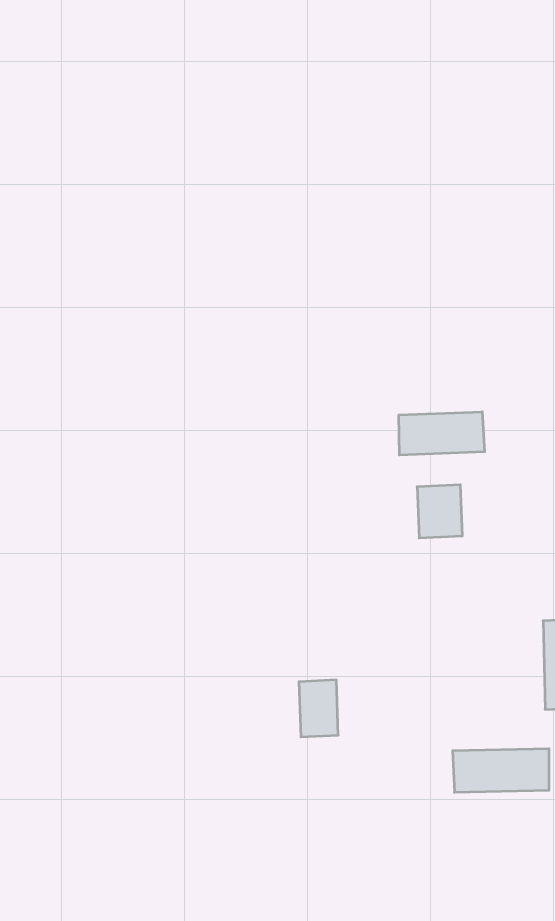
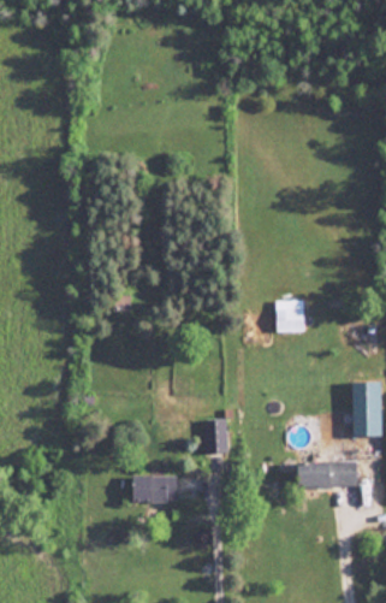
building: [399,412,485,455] -> none
building: none -> [133,475,177,502]

